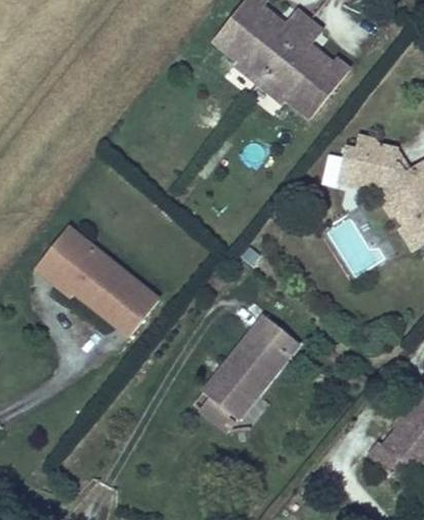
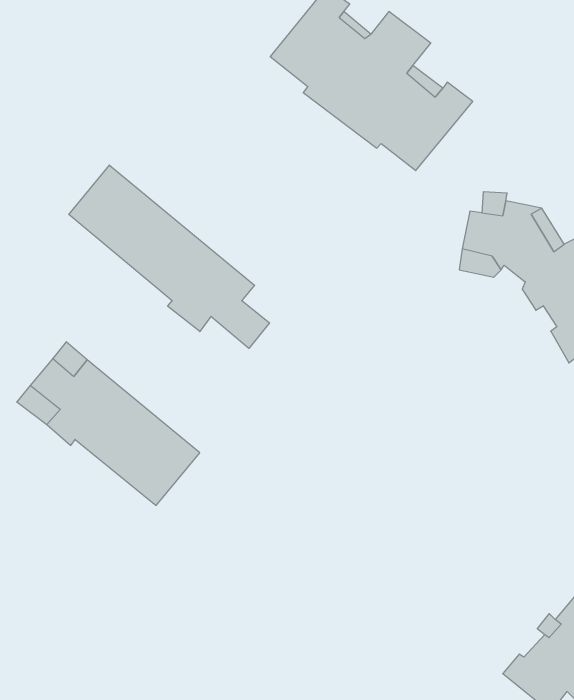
building: none -> [69,165,270,348]
building: [201,314,297,415] -> none

